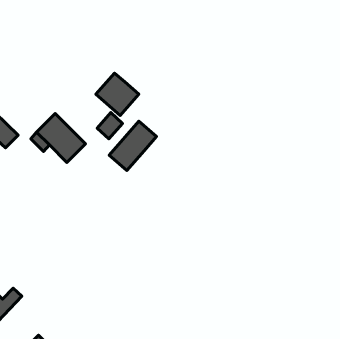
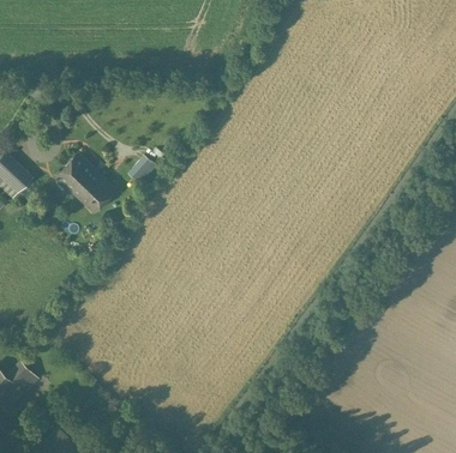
building: [96,73,139,115] -> none
building: [109,121,157,170] -> none

